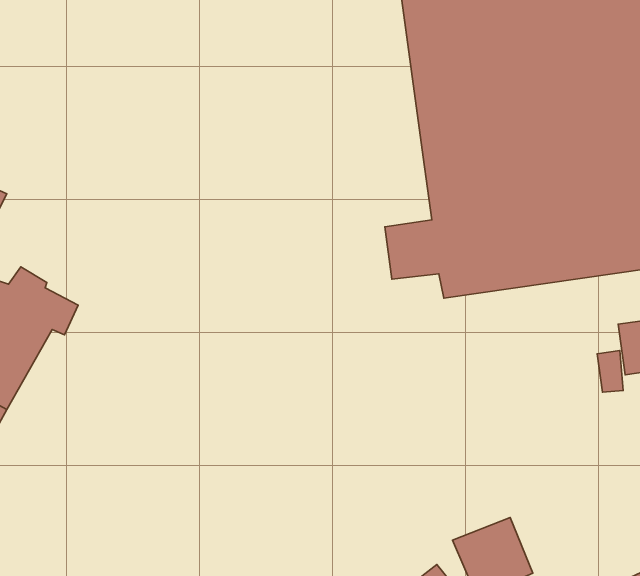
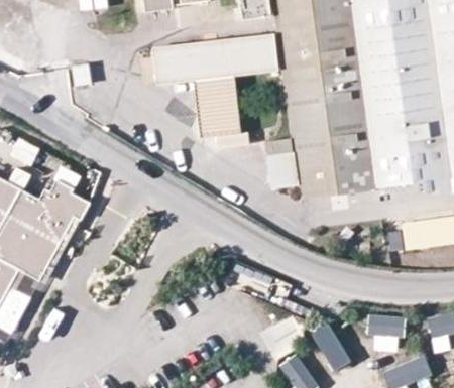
building: none -> [151,34,277,138]
building: none -> [372,314,407,351]

